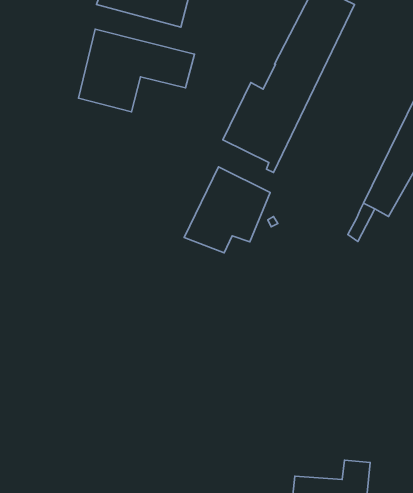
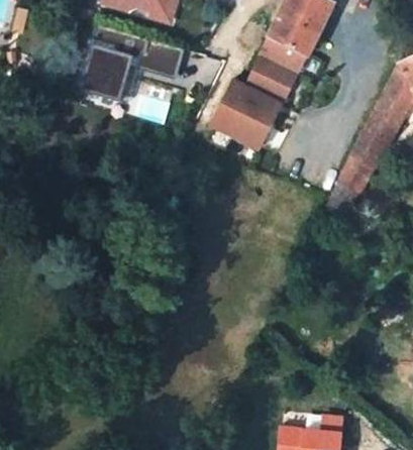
building: [184,167,270,253] -> none

